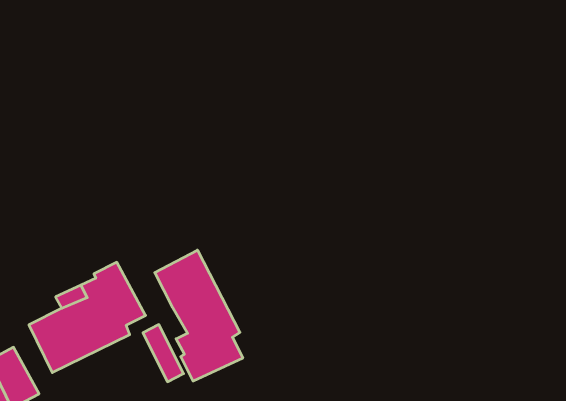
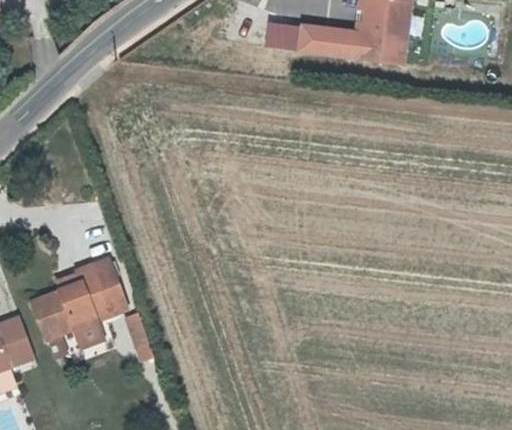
building: [155,250,243,381] -> none

